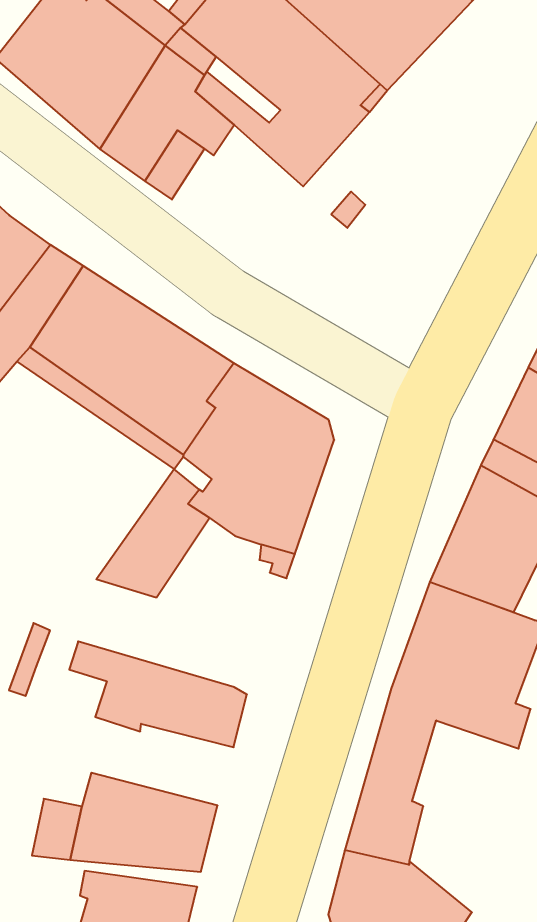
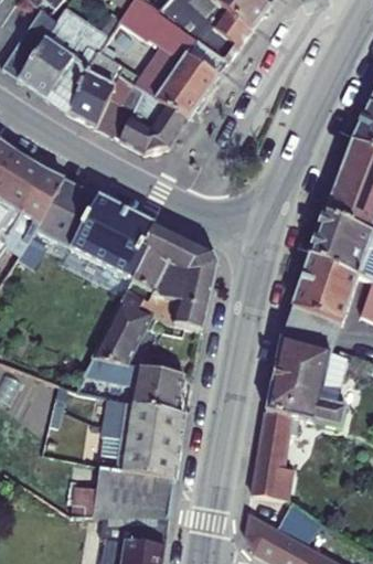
building: none -> [117,89,185,152]
building: none -> [75,357,183,409]
building: none -> [100,436,180,478]

